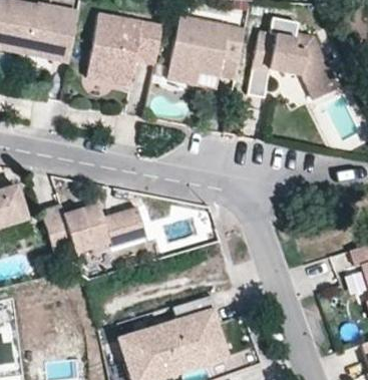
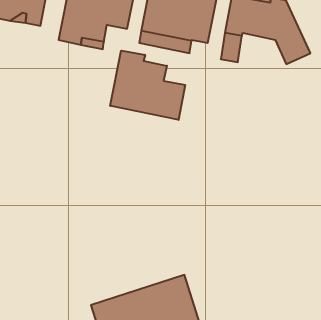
building: none -> [110,51,185,120]
building: [41,203,146,258] -> none

